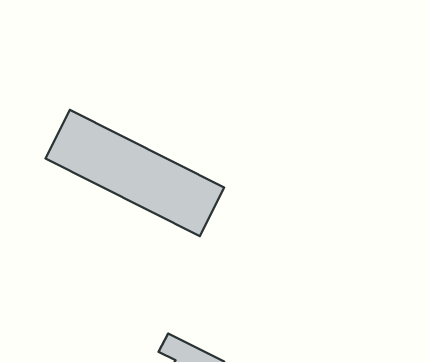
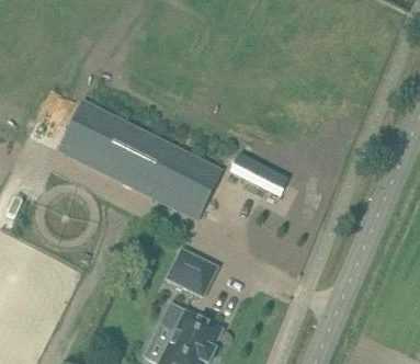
building: none -> [229,151,288,194]
building: none -> [167,249,216,295]

